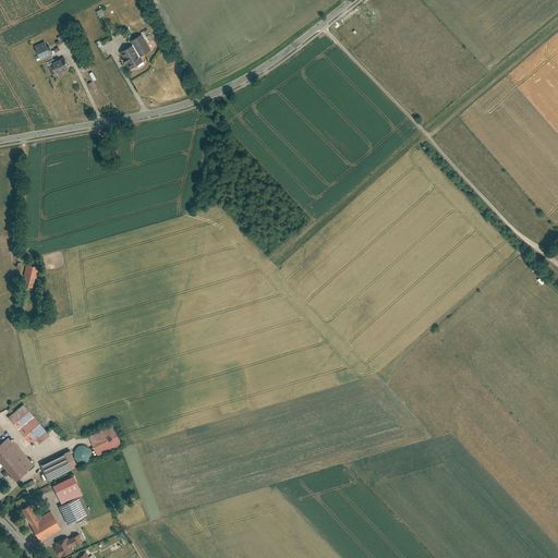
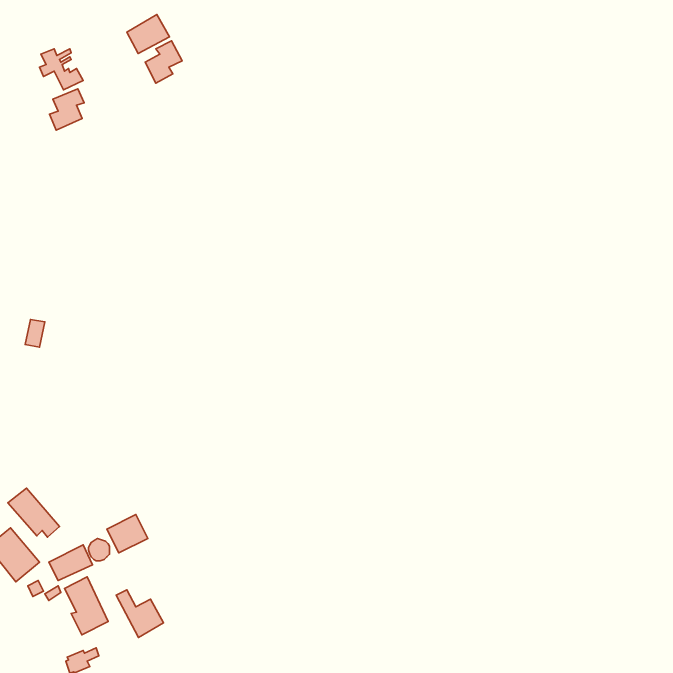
building: none -> [127,14,169,53]
building: none -> [50,89,84,130]
building: [21,504,60,543] -> [116,590,164,637]

